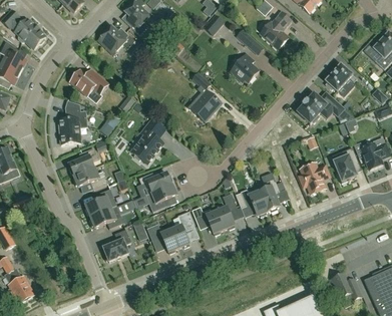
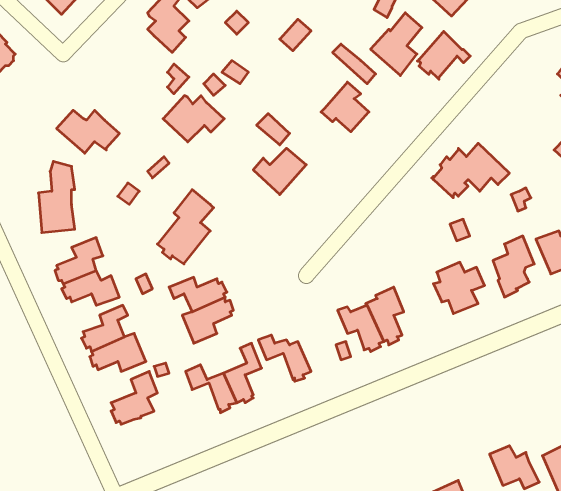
building: [97,26,134,54] -> [163,96,224,142]
building: [324,63,356,92] -> [417,31,470,79]
building: [216,193,237,229] -> none

